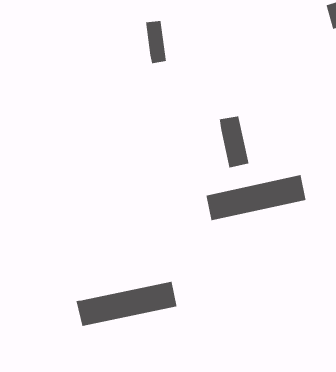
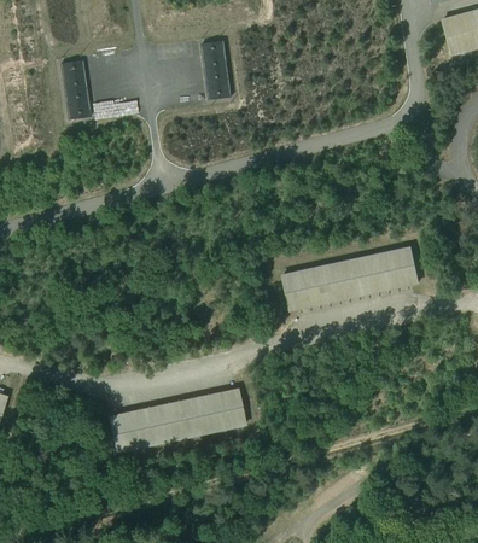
building: none -> [62,59,91,118]
building: [219,115,250,169] -> none

